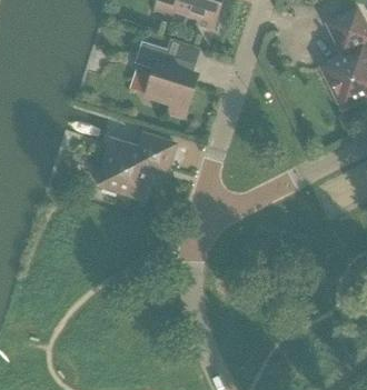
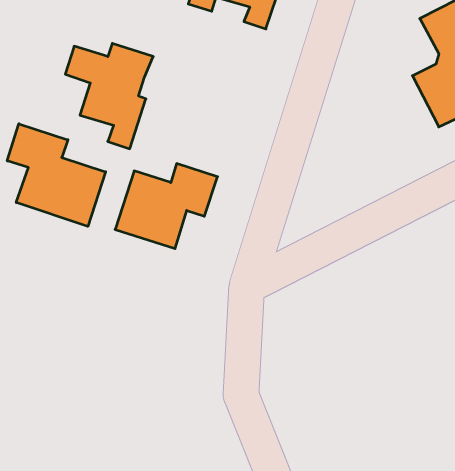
building: [133,39,200,119] -> [65,43,153,149]
building: none -> [7,124,106,226]

